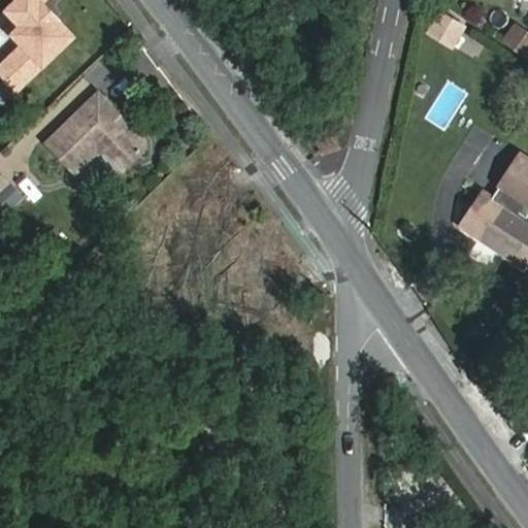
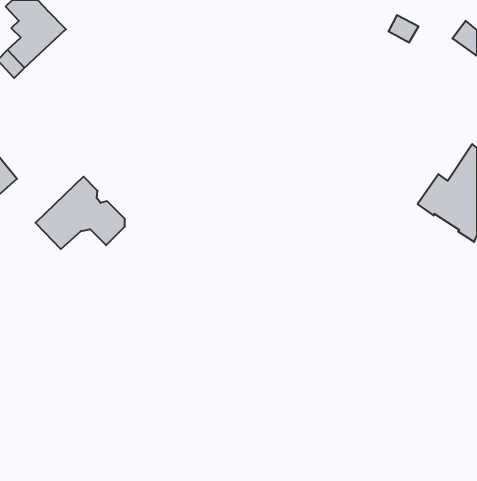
building: [46,95,144,174] -> [35,177,125,249]

